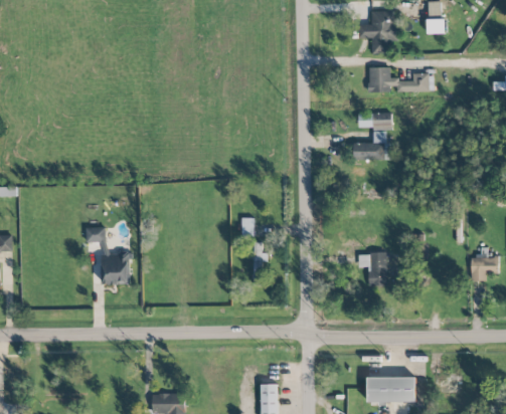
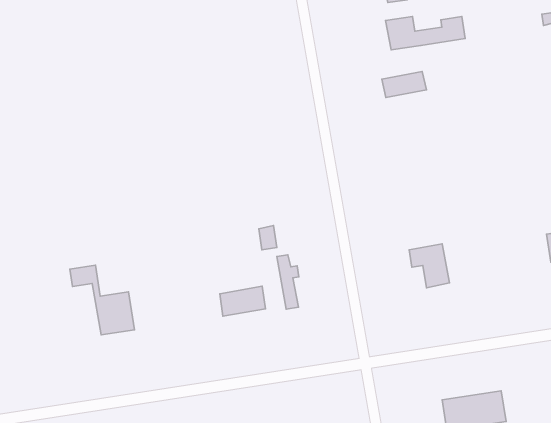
building: [353,131,391,160] -> none
building: none -> [220,286,265,316]

